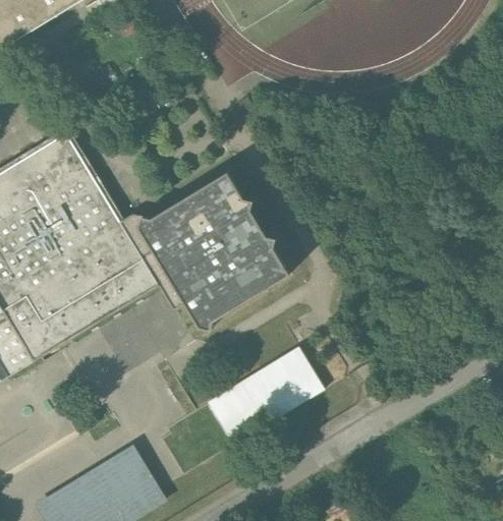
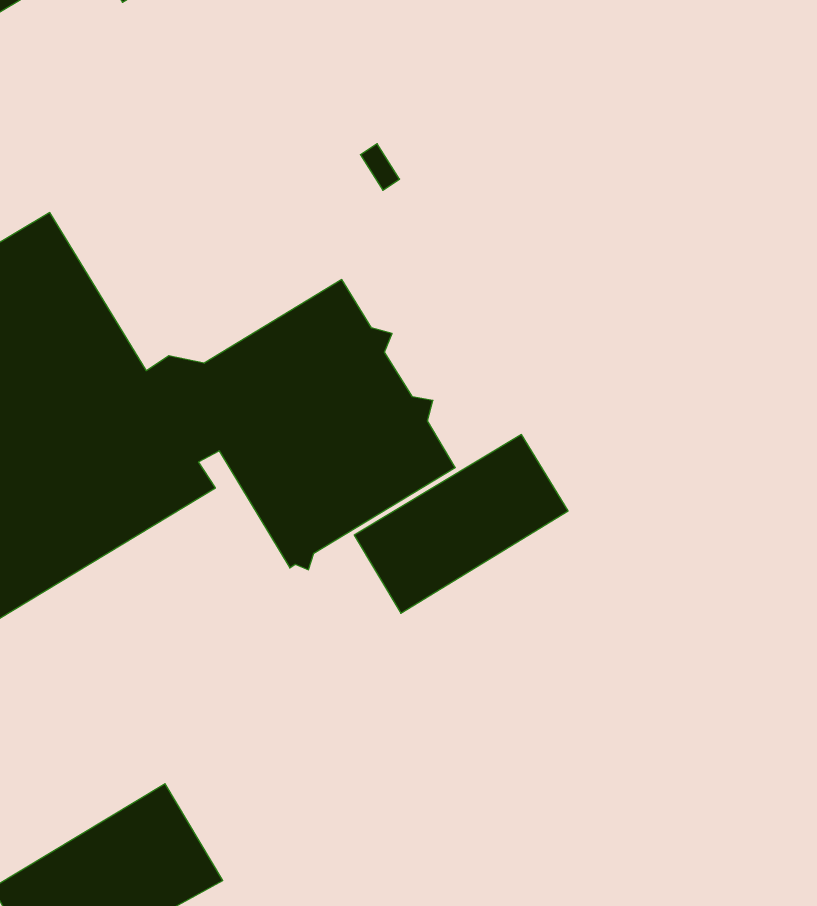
building: [206,346,323,444] -> [354,435,568,613]

